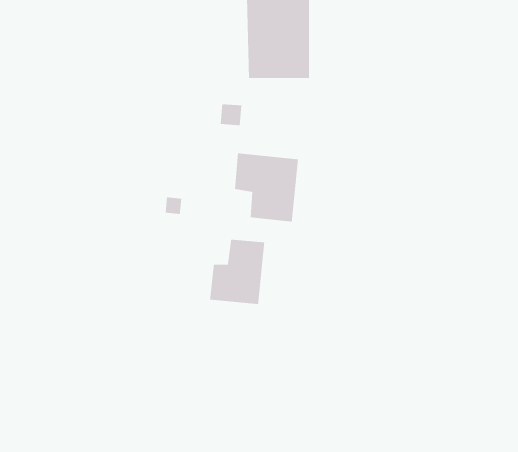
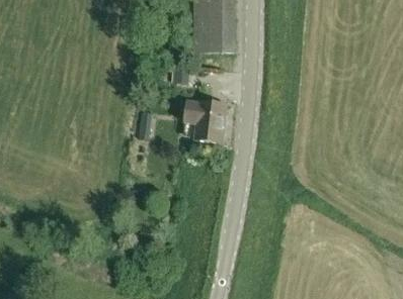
building: [209,239,265,305] -> none

